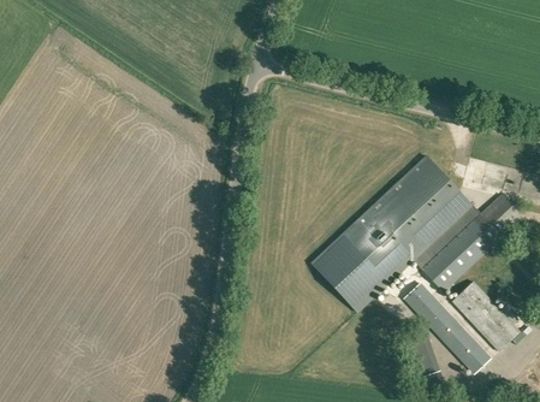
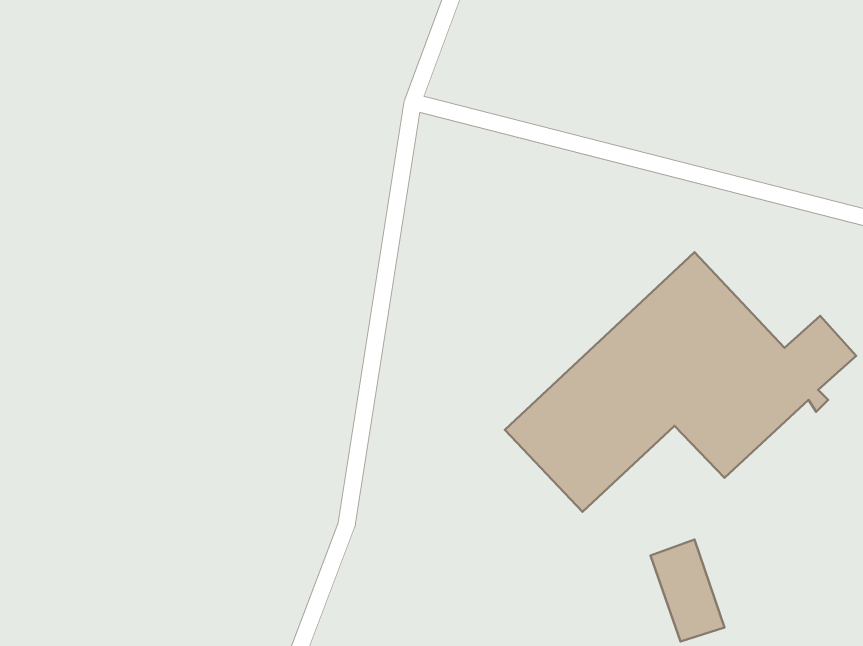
building: [451,280,521,351] -> none
building: [403,282,492,374] -> none

